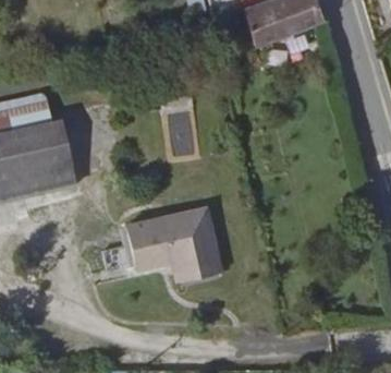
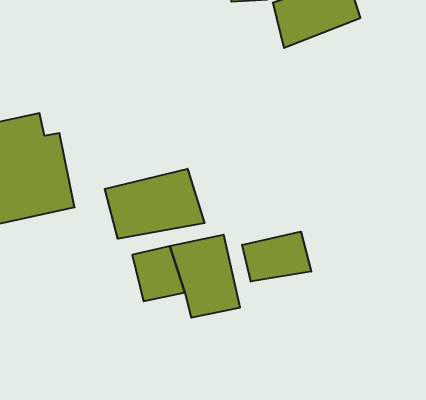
building: none -> [105,169,205,239]
building: none -> [242,232,311,282]

